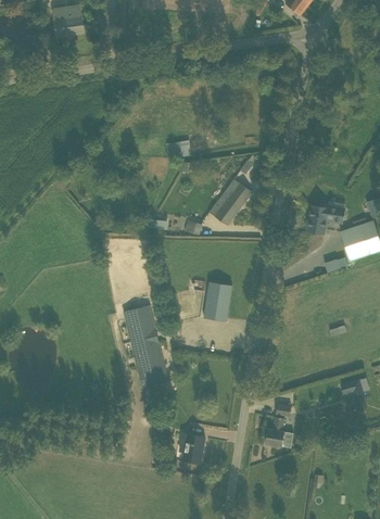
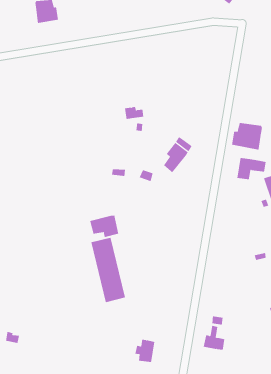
building: none -> [232,122,262,150]
building: none -> [90,214,119,238]
building: [203,281,231,320] -> none

